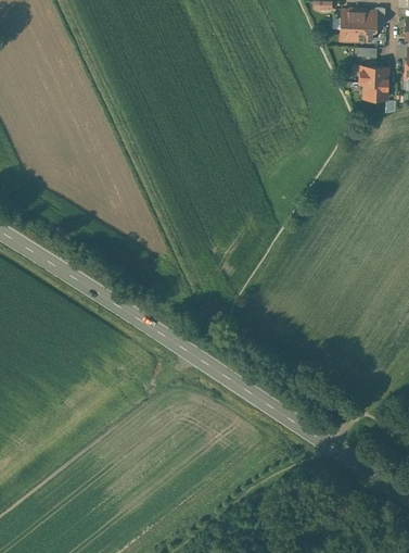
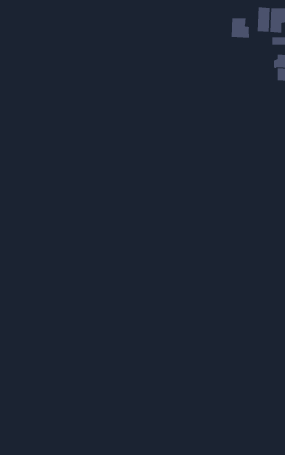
building: none -> [231,17,249,39]

